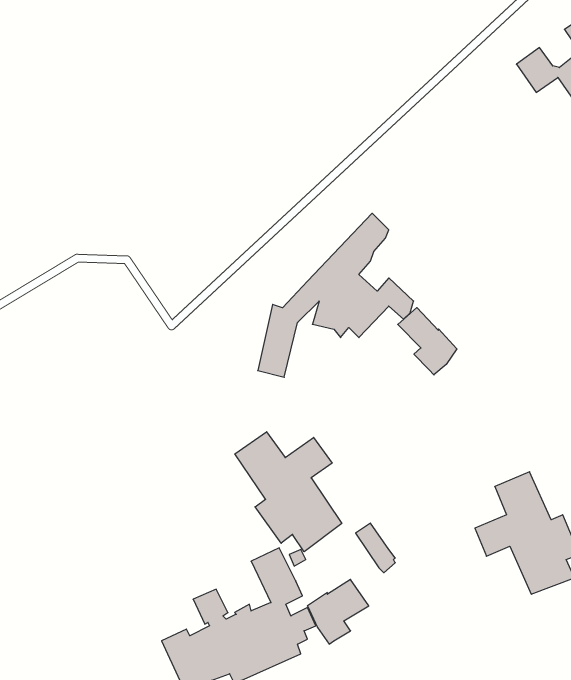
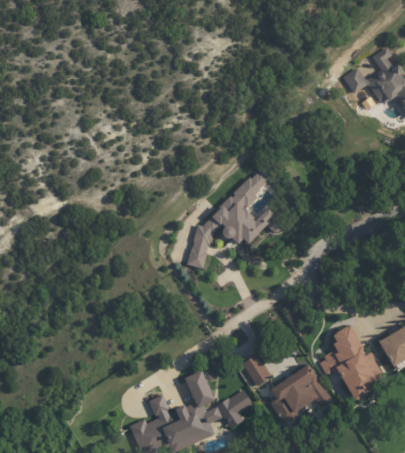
building: [398,308,457,375] -> none
building: [235,432,342,552] -> none
building: none -> [265,364,331,422]

